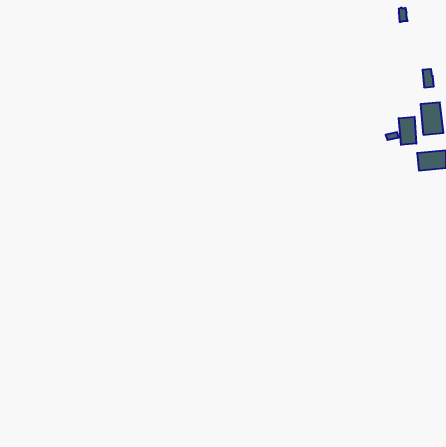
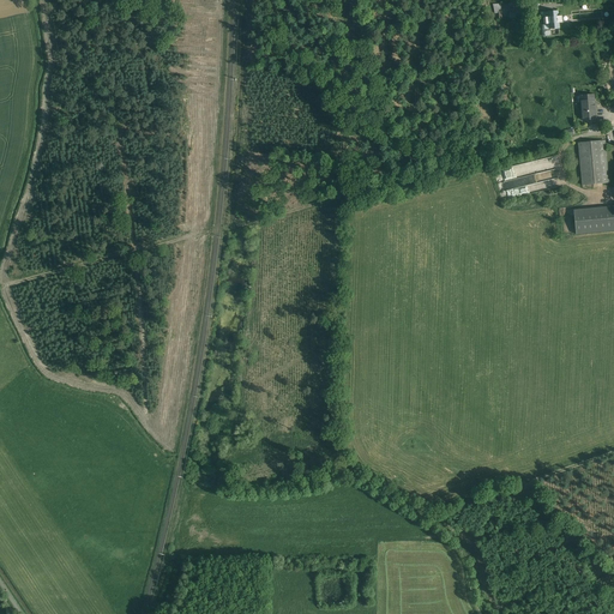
building: [399,117,416,145] -> none

